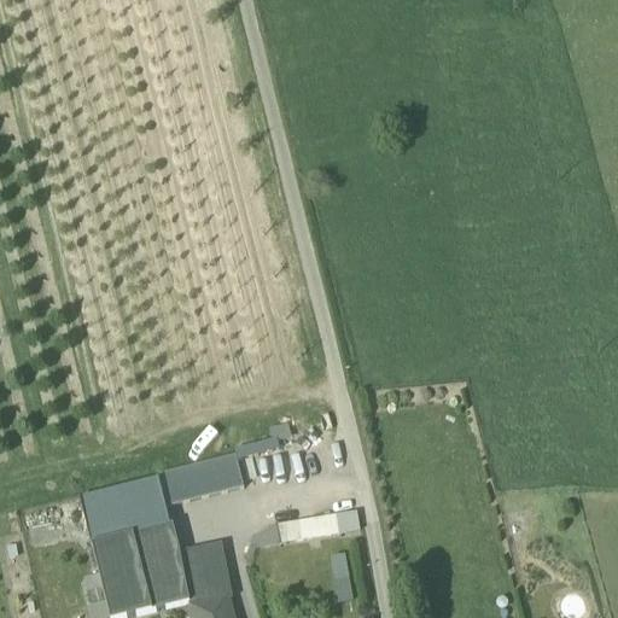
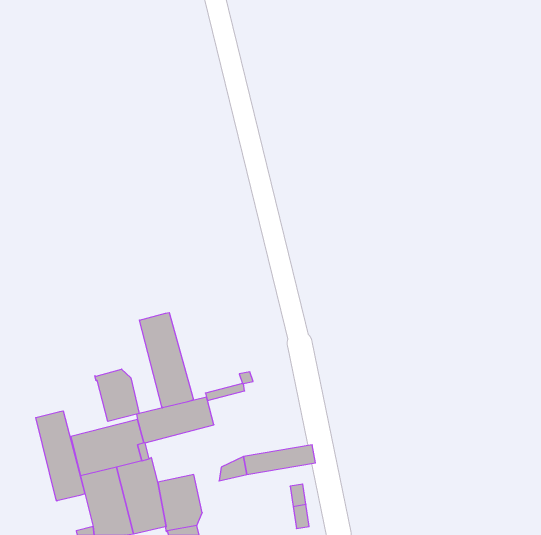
building: none -> [139,313,193,408]
building: none -> [95,369,139,421]
building: none -> [36,411,85,501]

